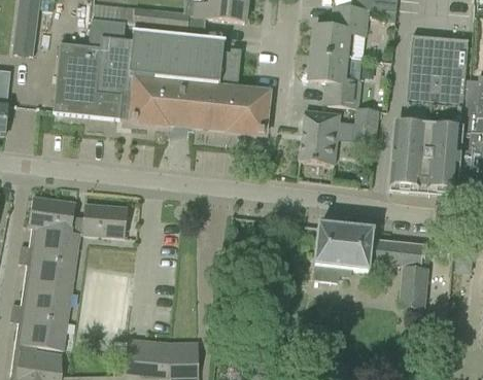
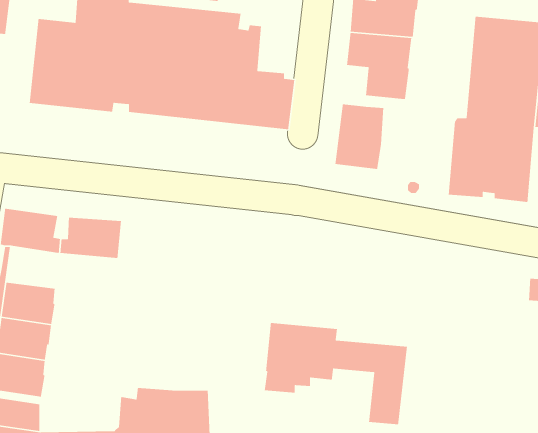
building: [353,107,380,143] -> none
building: [314,224,430,308] -> [264,322,408,425]
building: [34,227,80,261] -> none

